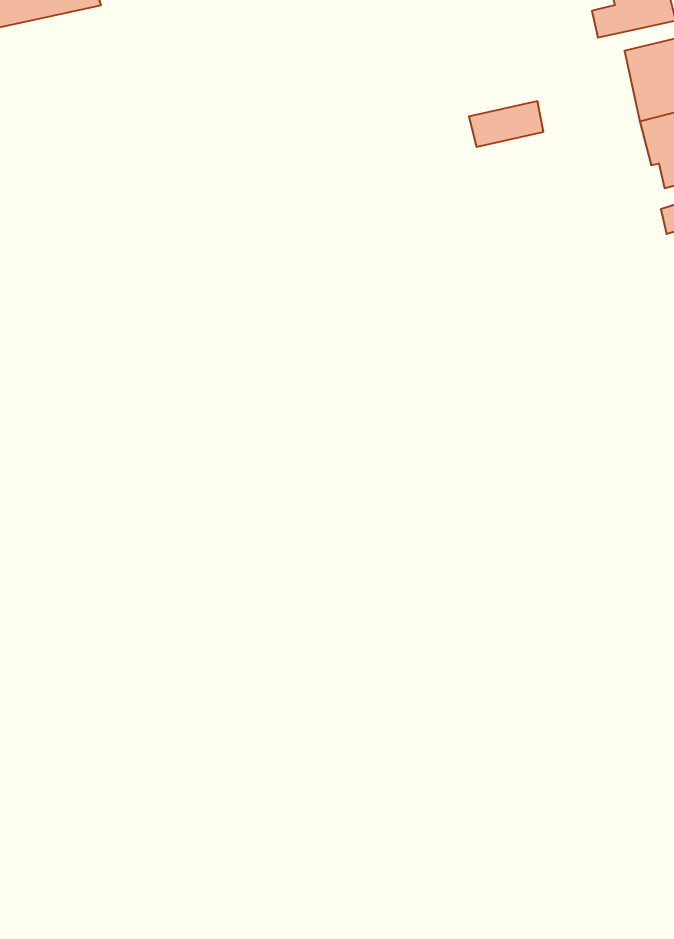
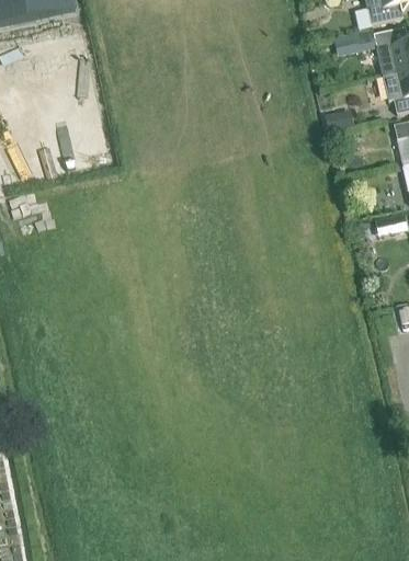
building: [469,101,543,147] -> [333,30,376,56]

